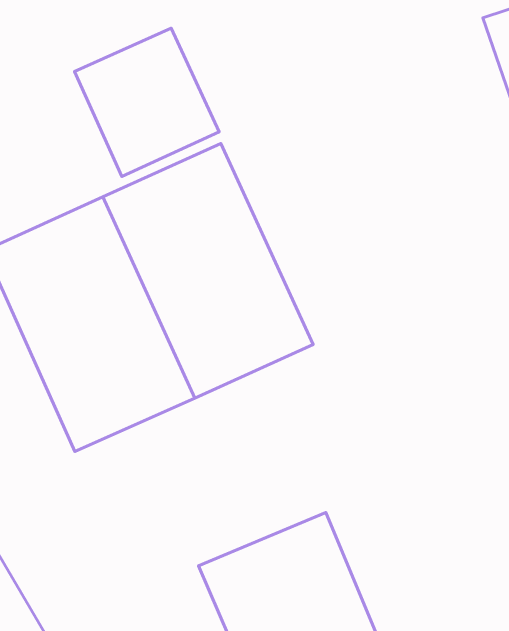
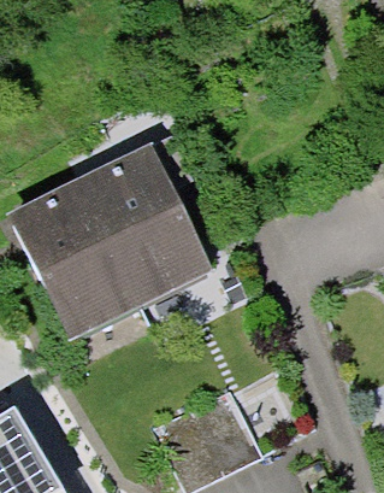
building: [74,28,219,177] -> none

